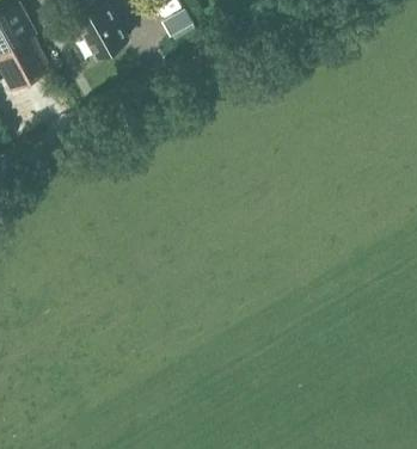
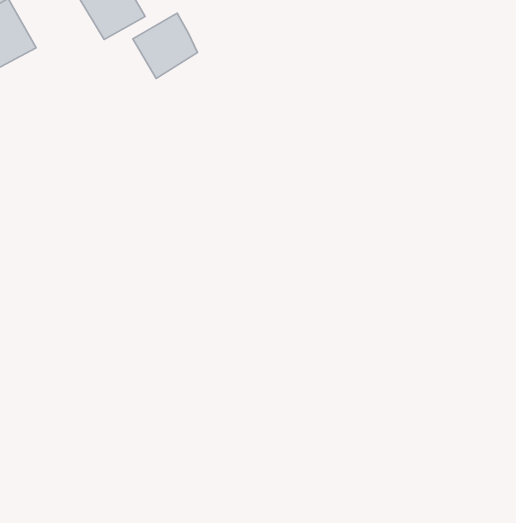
building: none -> [133,13,198,78]

